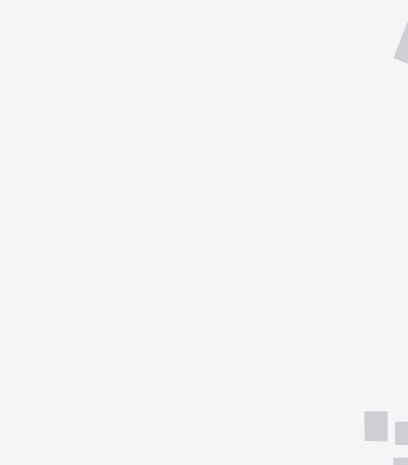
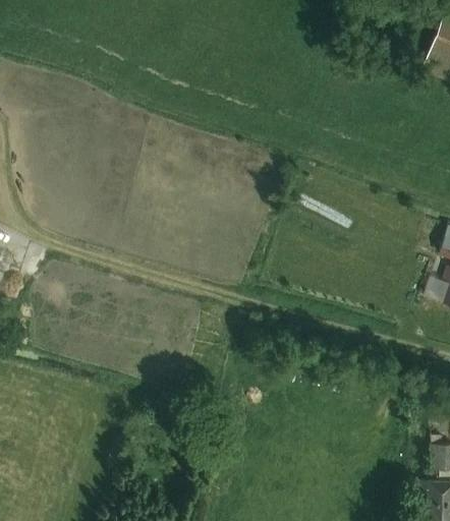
building: [364,411,388,442] -> none

